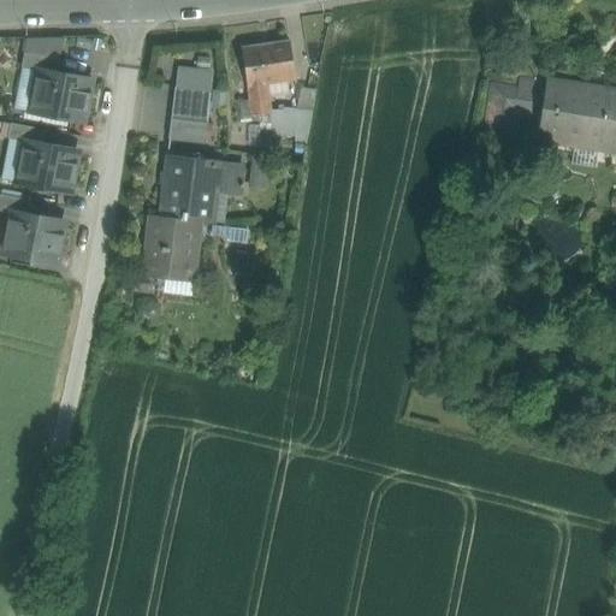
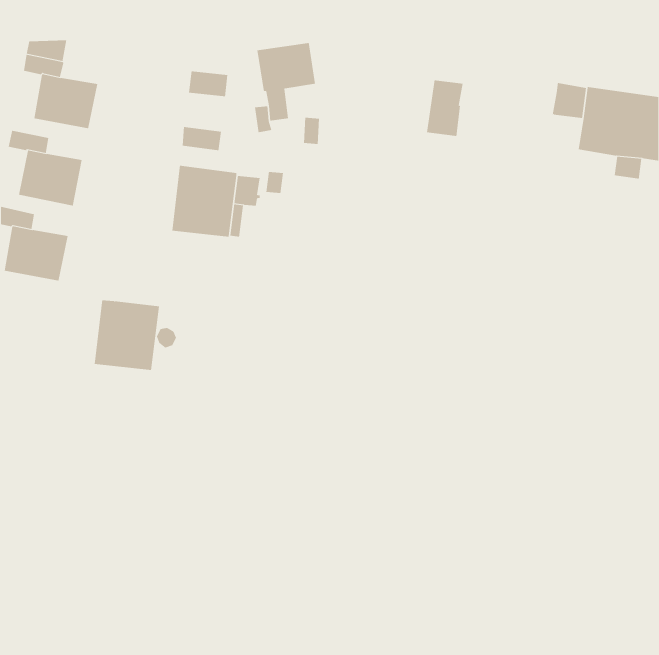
building: [484,83,519,136] -> [426,80,464,136]
building: [171,87,211,123] -> none
building: [141,214,202,280] -> [94,300,160,371]

